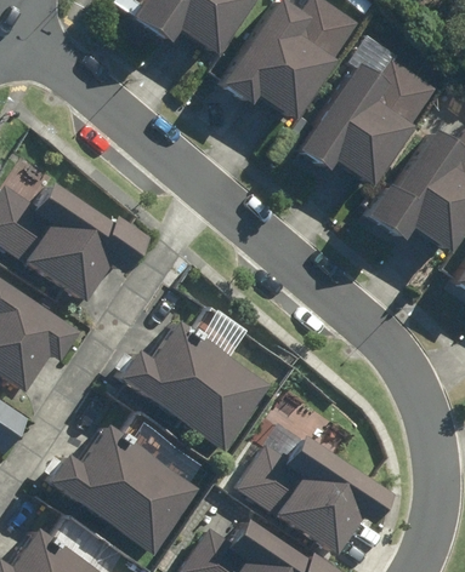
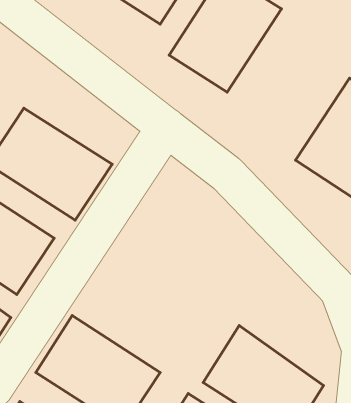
building: [283,62,419,207] -> none
building: [130,313,280,448] -> none

